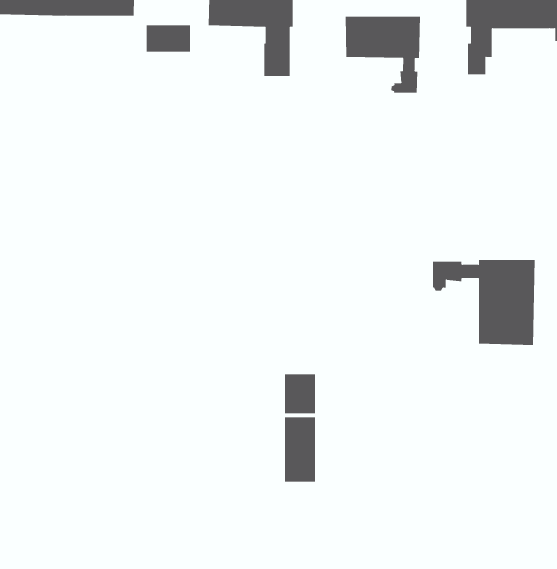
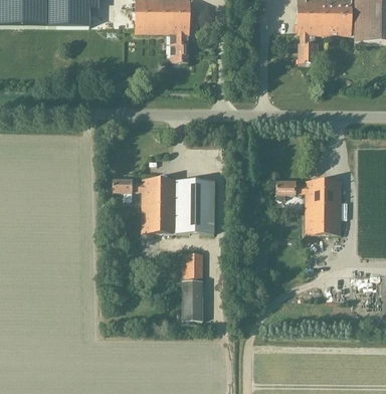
building: [345,16,420,93] -> none
building: [146,24,190,52] -> none
building: none -> [113,177,215,231]

